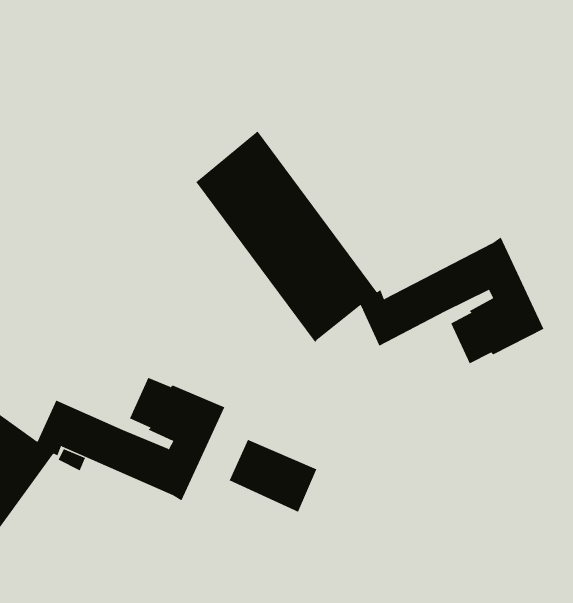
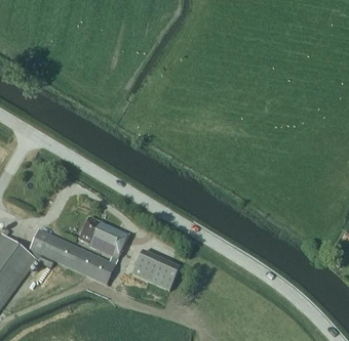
building: [196,131,544,364] -> none

